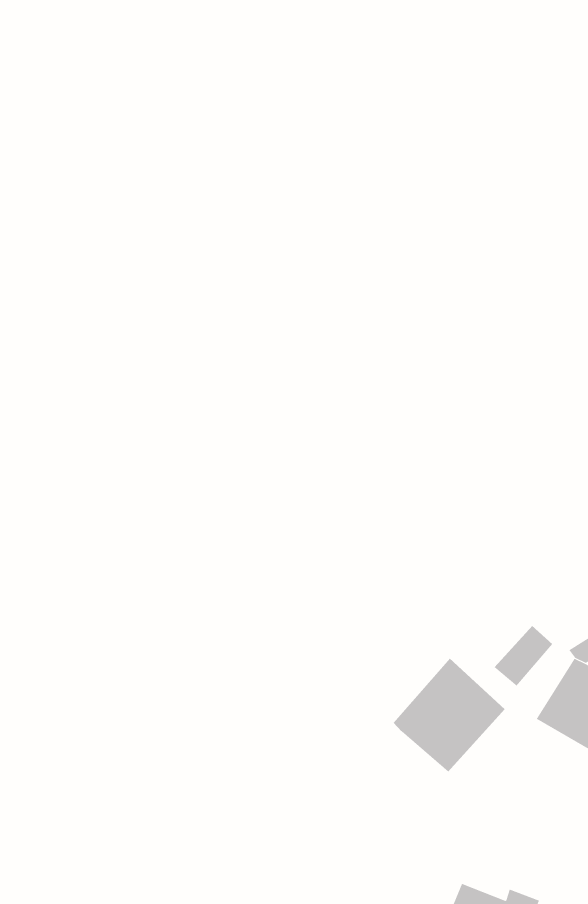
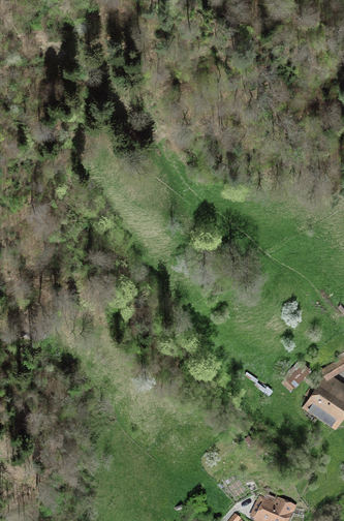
building: [393,658,505,772] -> none

